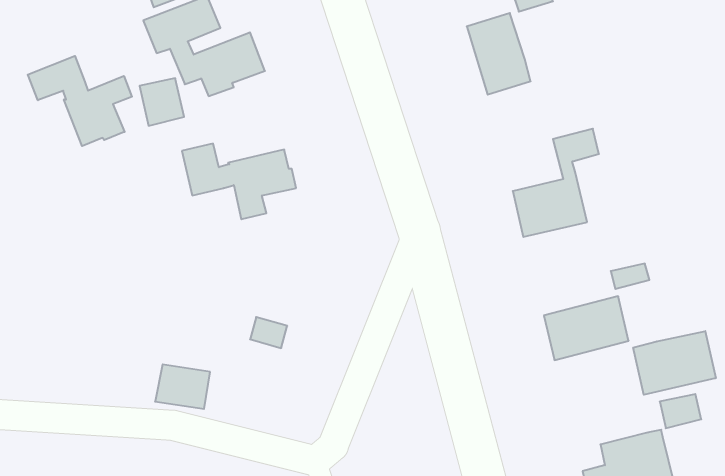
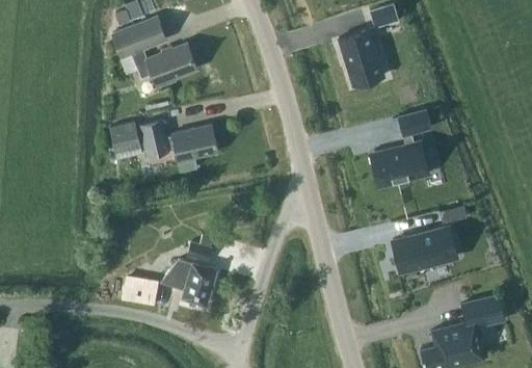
building: [28,56,132,146] -> none
building: [140,78,184,126] -> [110,122,141,155]
building: [633,331,716,395] -> none
building: none -> [161,260,217,306]

